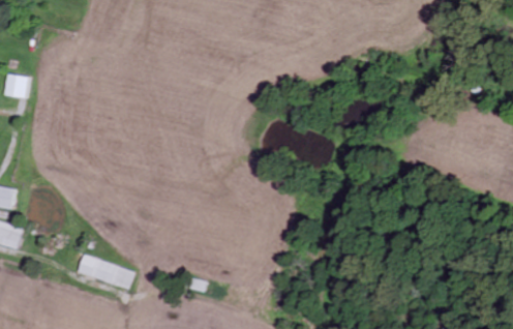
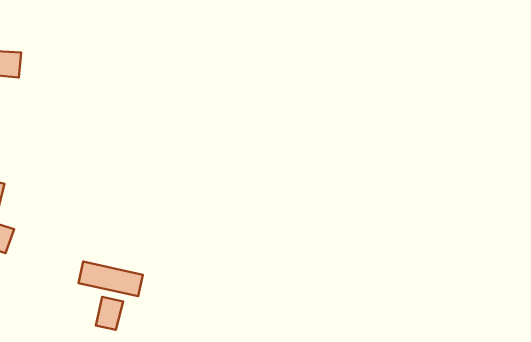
building: none -> [96,297,123,330]

